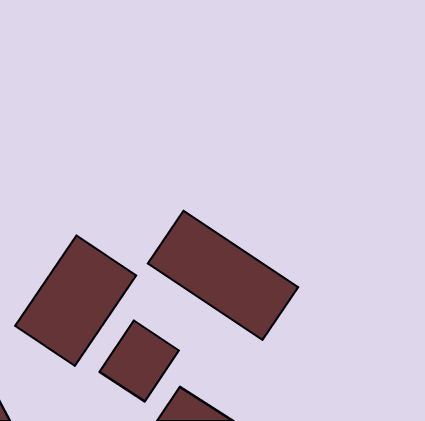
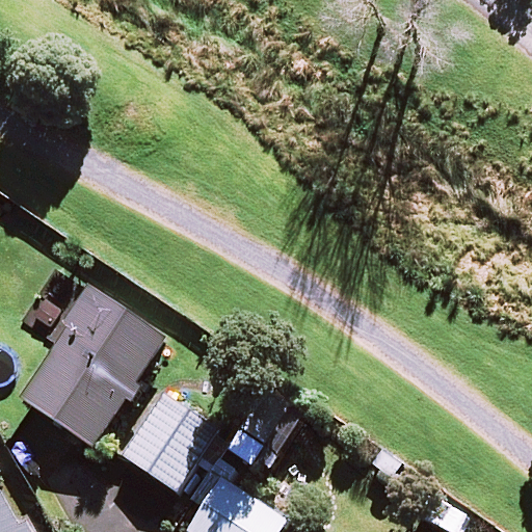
building: [148,211,298,340] -> none

